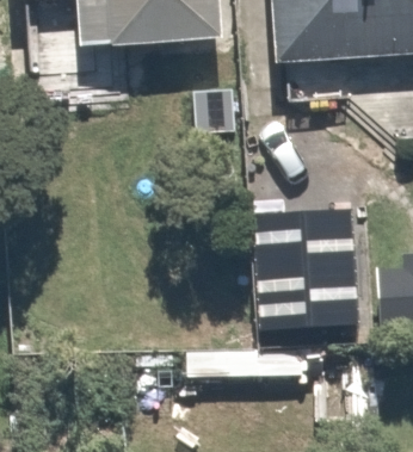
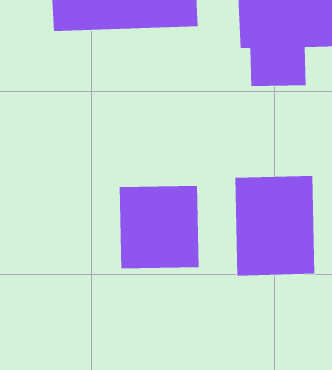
building: none -> [119,185,199,269]

